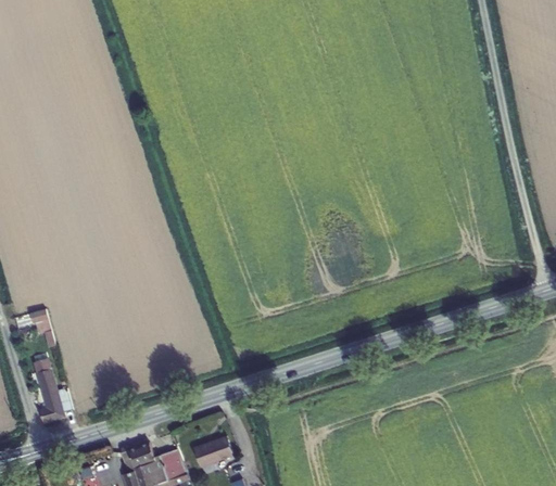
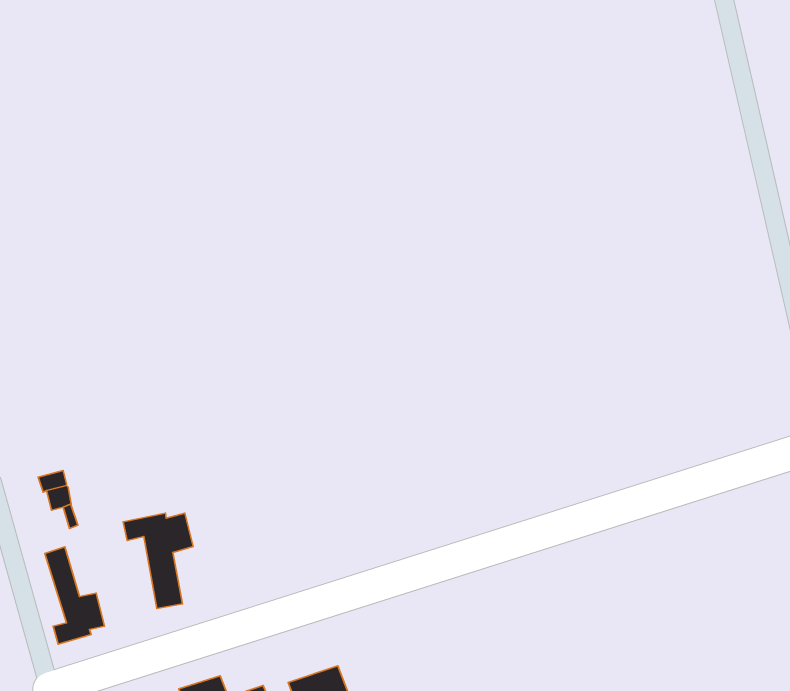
building: none -> [123,513,193,608]

